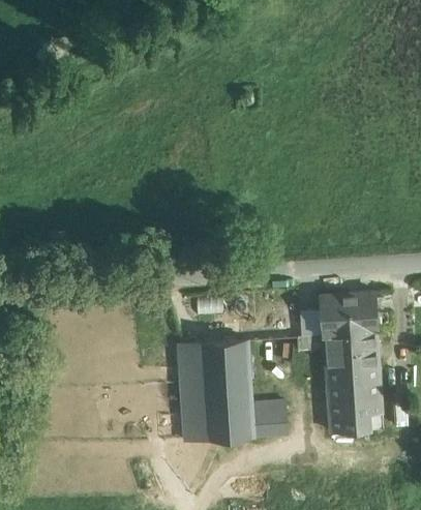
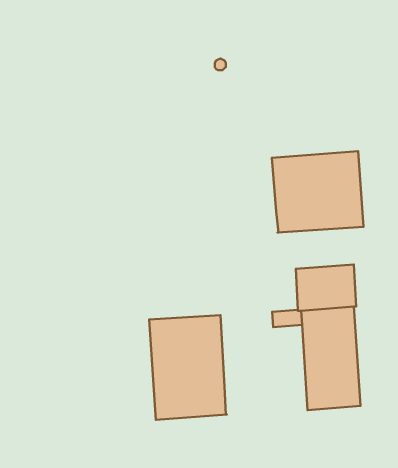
building: none -> [272,151,364,233]
building: [250,407,284,436] -> none

